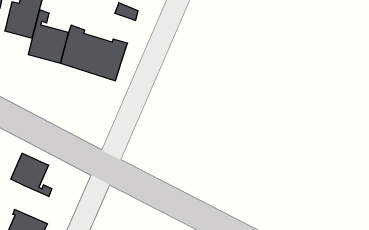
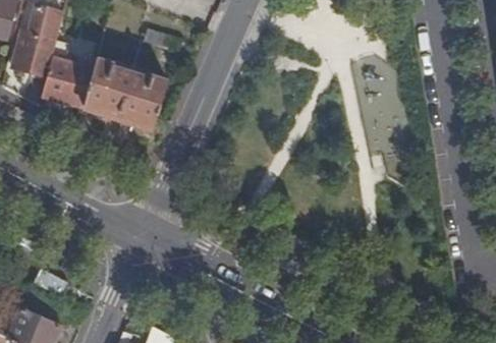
building: [11,153,52,197] -> none

